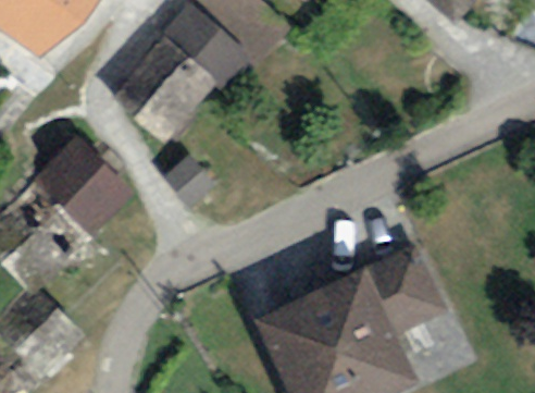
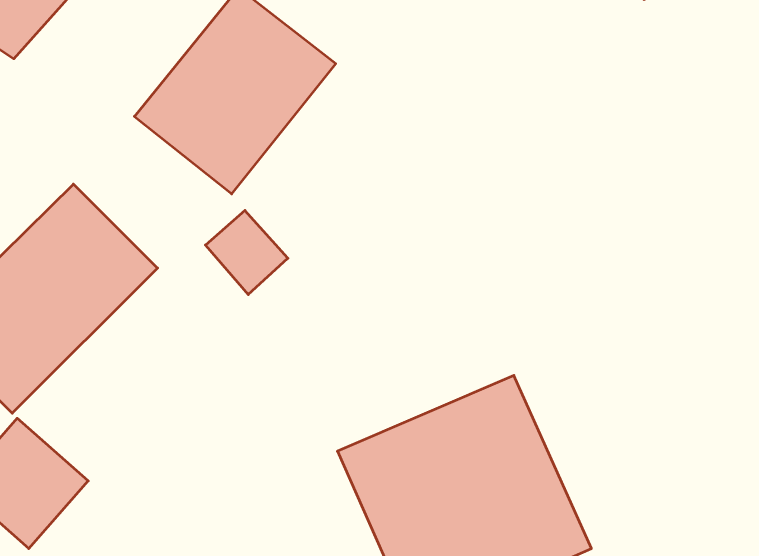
building: [369,242,451,335] -> none

